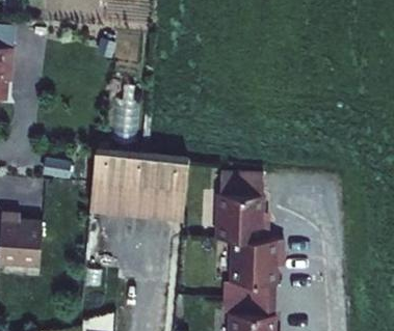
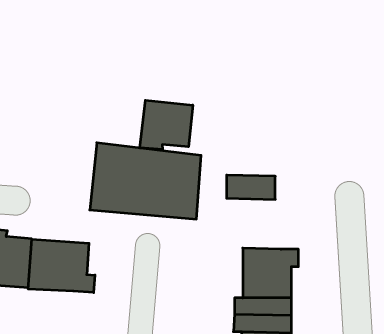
building: none -> [140,100,193,150]
building: [215,189,265,235] -> none
building: none -> [28,239,95,293]

